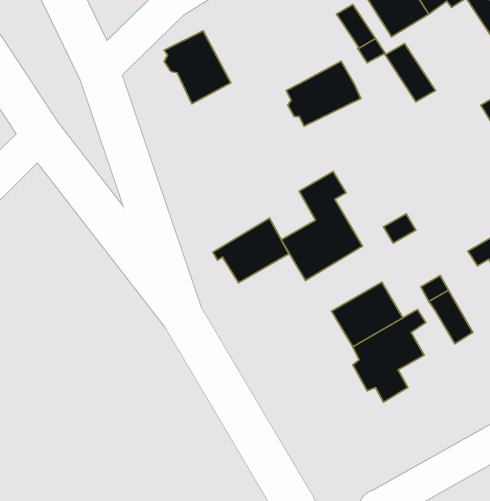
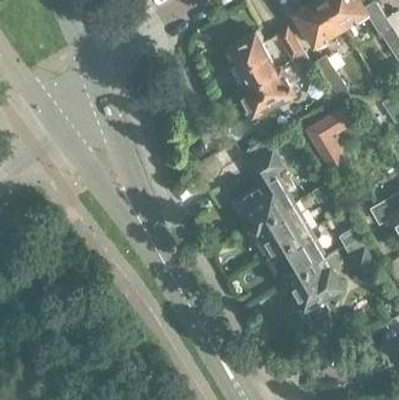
building: [164,31,231,104] -> [227,31,277,86]
building: none -> [305,109,352,170]
building: [213,218,289,283] -> [253,207,310,255]

